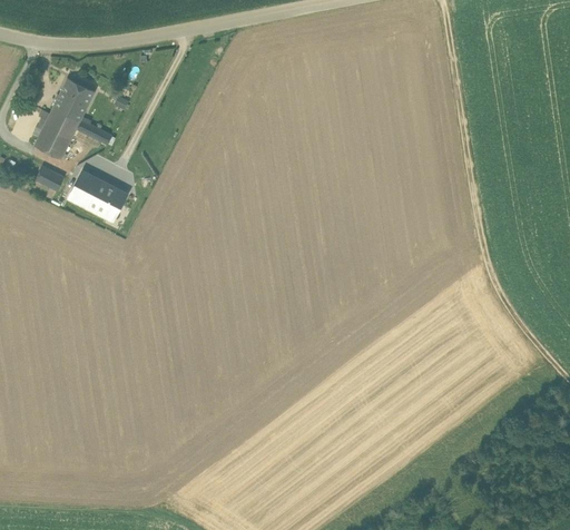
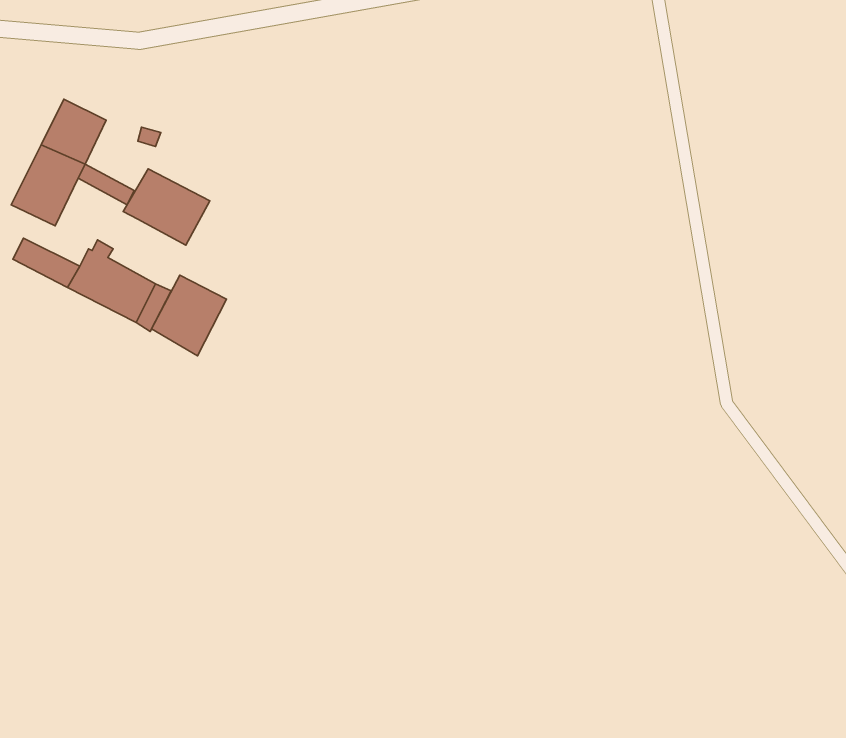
building: none -> [123,169,210,245]
building: none -> [151,275,227,356]

